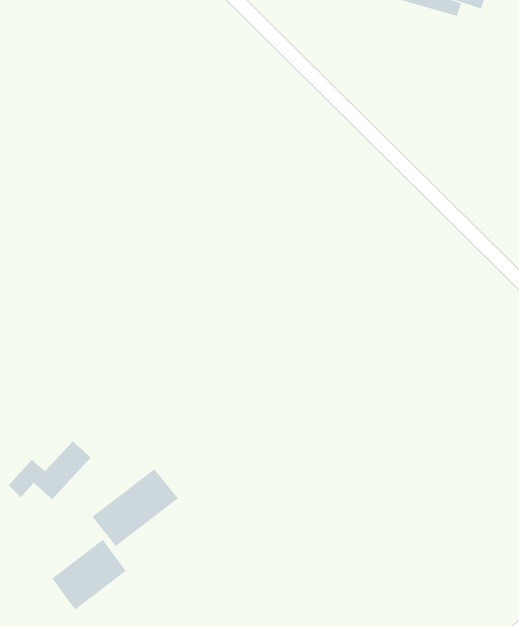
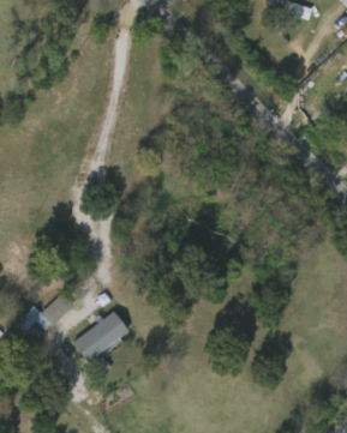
building: [51,539,127,611] -> none

